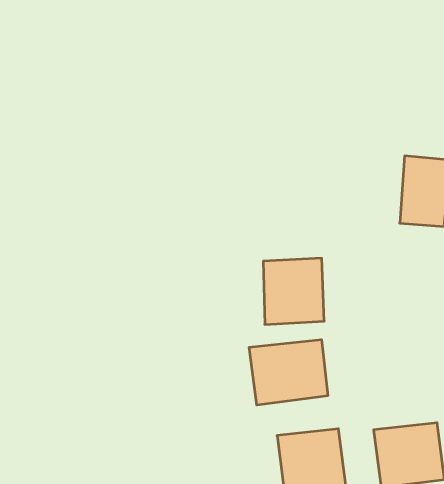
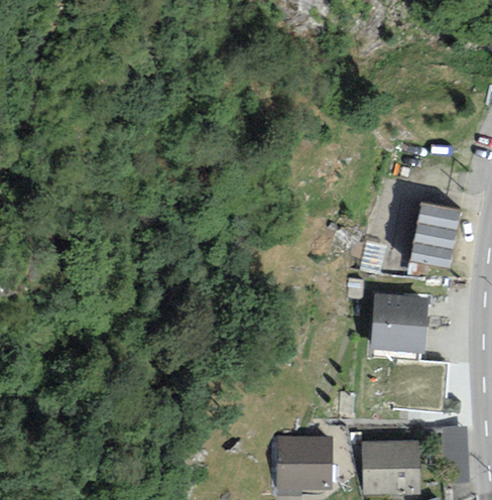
building: [263,258,324,324] -> [369,292,427,353]
building: [249,340,328,405] -> none

